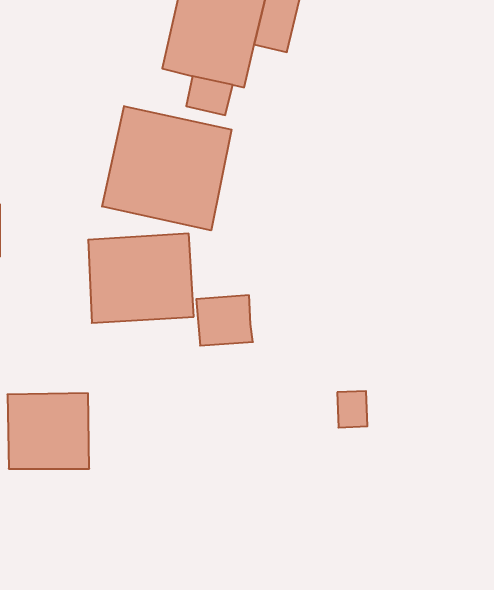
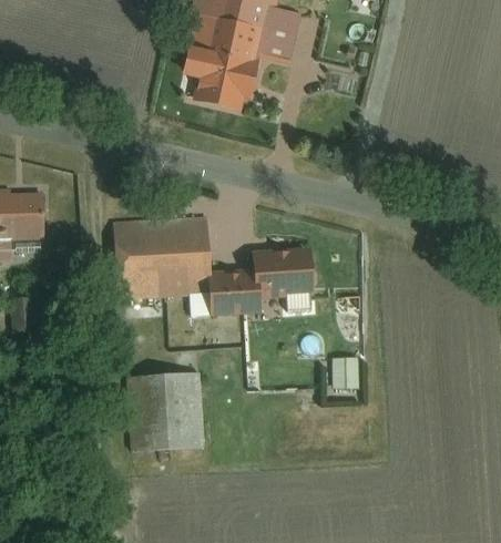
building: [102,106,232,230] -> none
building: none -> [255,245,317,298]
building: [7,393,89,469] -> [130,377,202,443]

